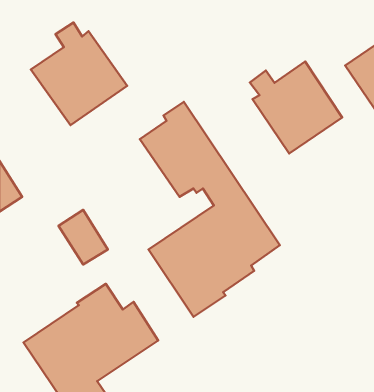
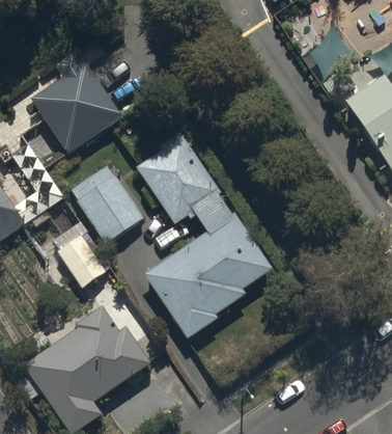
building: [250,62,342,153] -> none
building: none -> [69,163,143,255]

